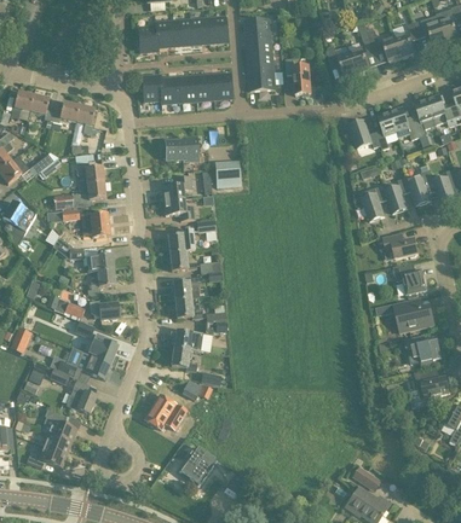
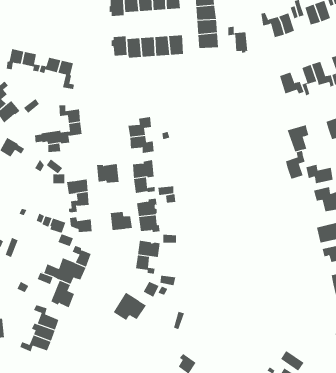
building: [165,135,198,159] -> none
building: [214,159,241,187] -> none
building: [385,176,410,213] -> [285,150,305,180]
building: [80,211,109,236] -> [96,164,119,183]
building: none -> [110,211,132,231]
building: [178,446,214,483] -> none

